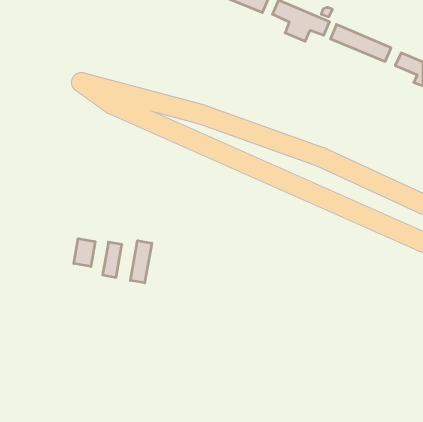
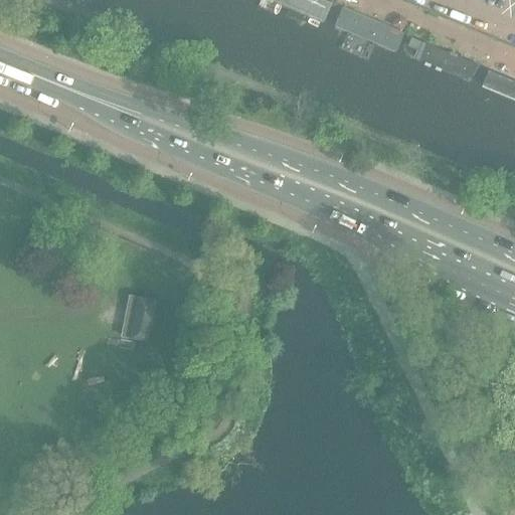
building: [74,239,95,267] -> none
building: [130,241,152,283] -> none

